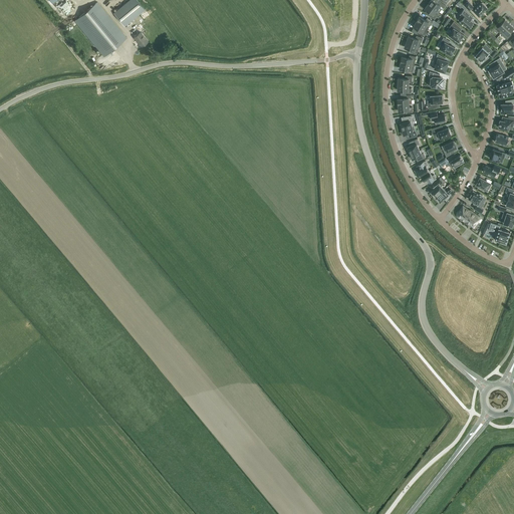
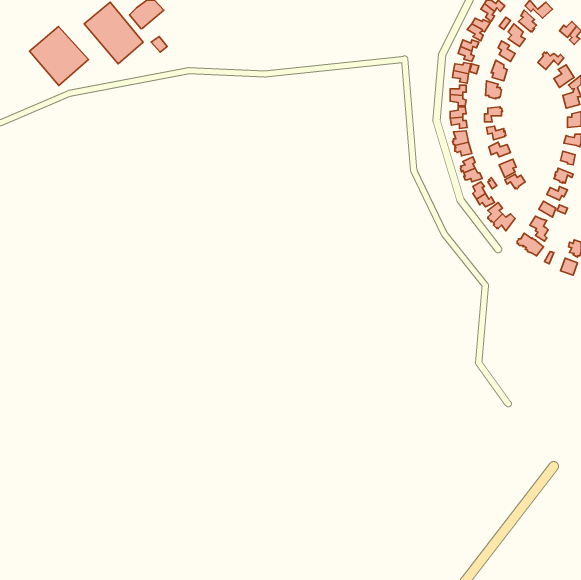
building: none -> [29,26,88,86]

